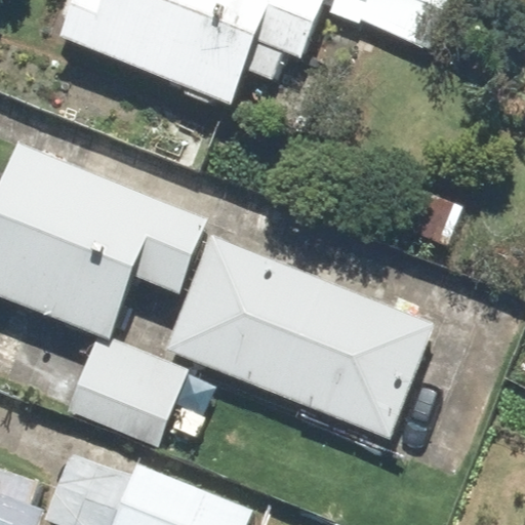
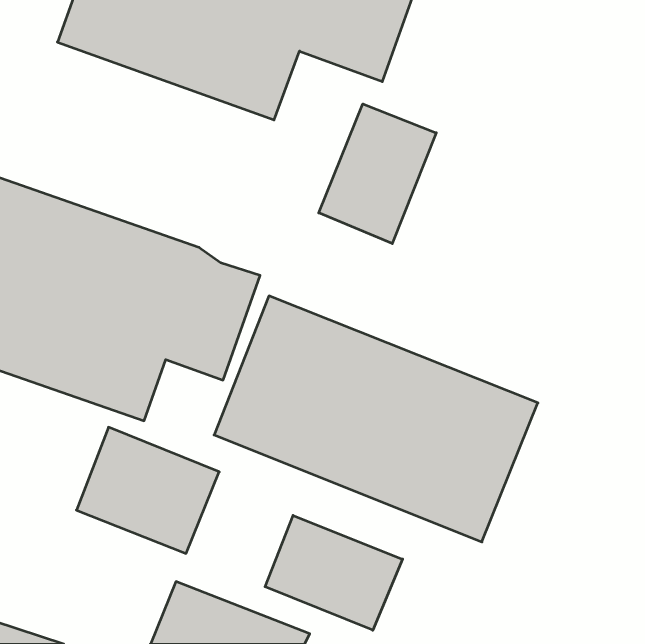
building: none -> [319,104,436,244]
building: none -> [265,515,403,630]

